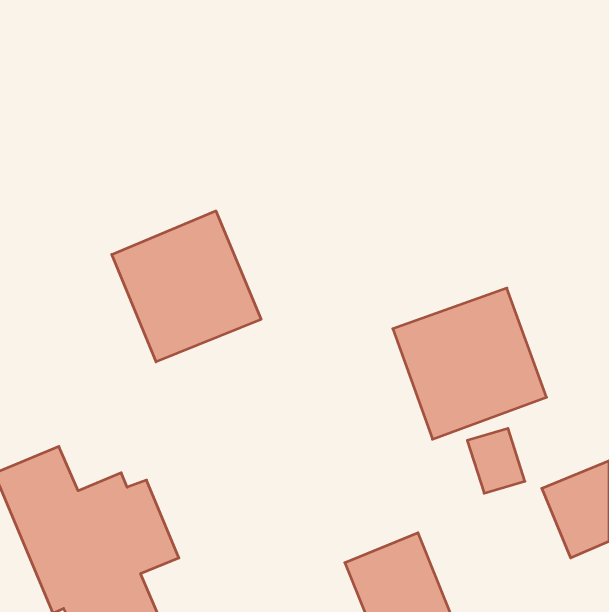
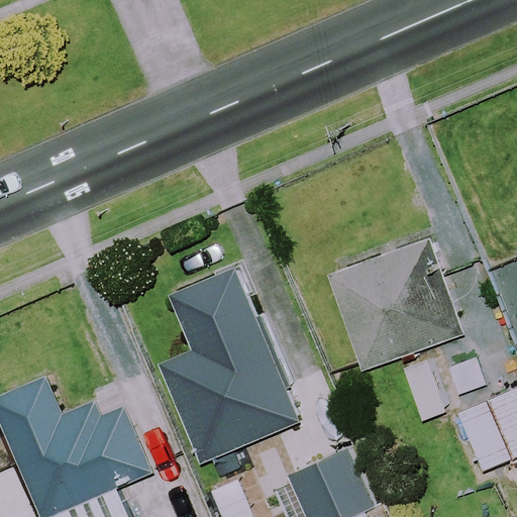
building: [112,211,261,362] -> none
building: none -> [158,269,298,460]

